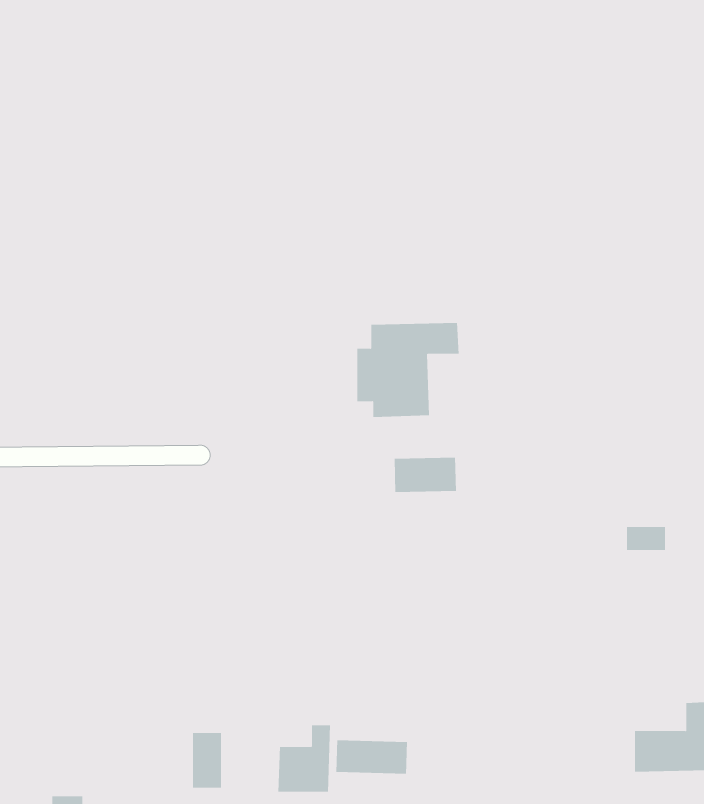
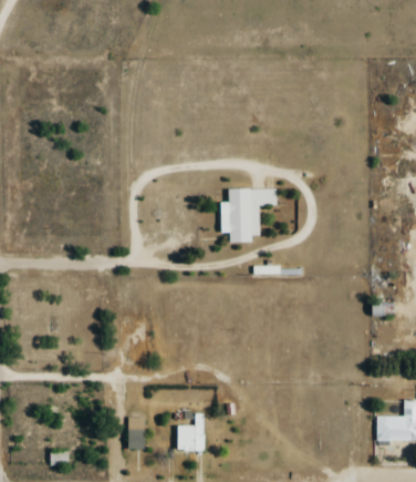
building: [394,457,456,493] -> none
building: [336,739,408,775] -> none

